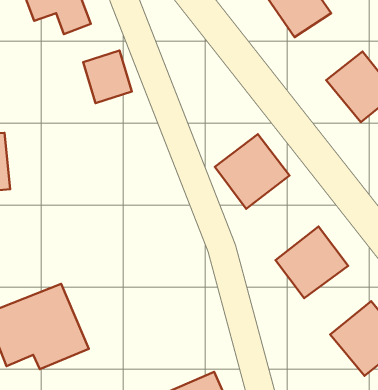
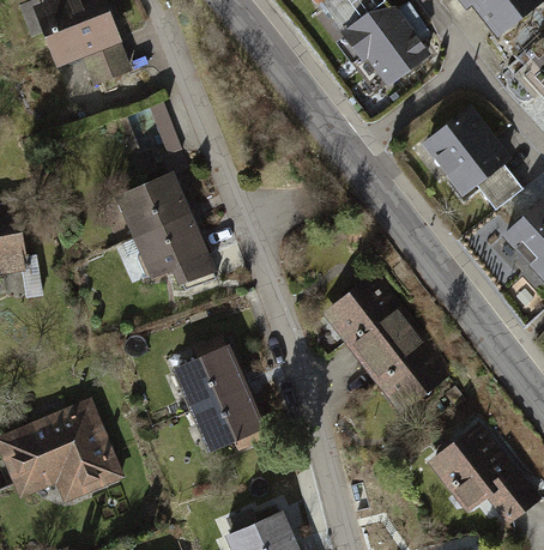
building: none -> [116,173,212,288]
building: [215,134,289,209] -> [320,274,413,368]
building: none -> [171,344,262,452]

